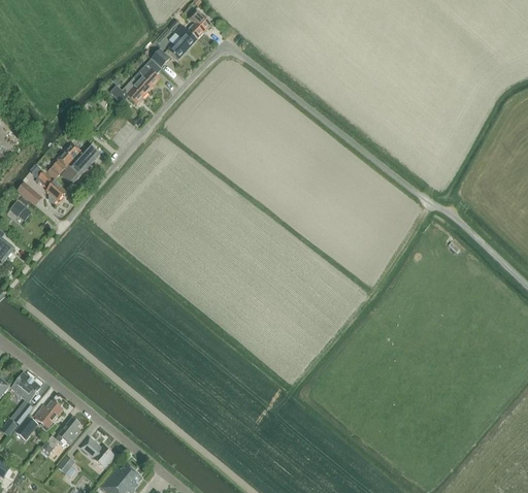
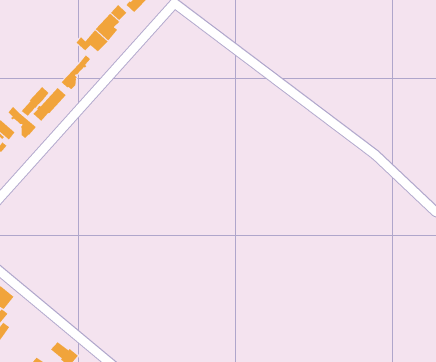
building: none -> [61,55,91,90]
building: [34,400,63,430] -> none
building: [42,418,81,455] -> none

